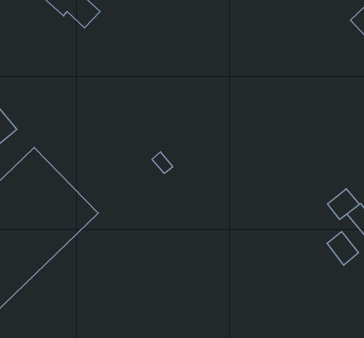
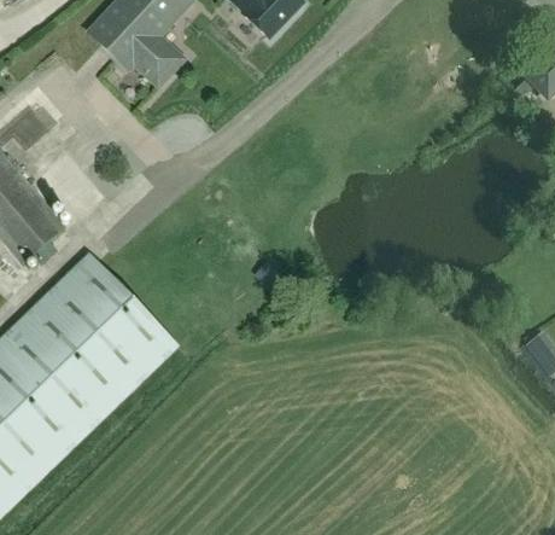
building: [327,189,359,219] -> none
building: [327,232,359,265] -> none

